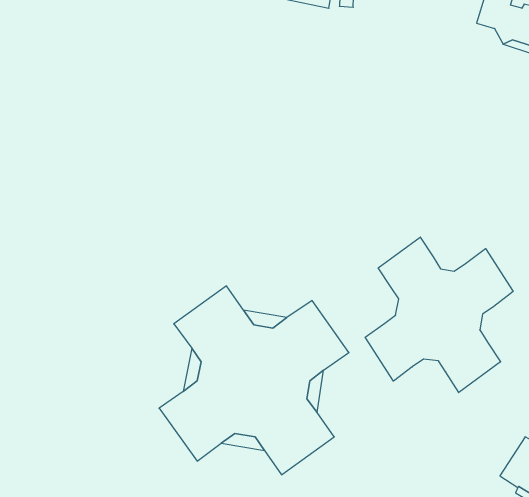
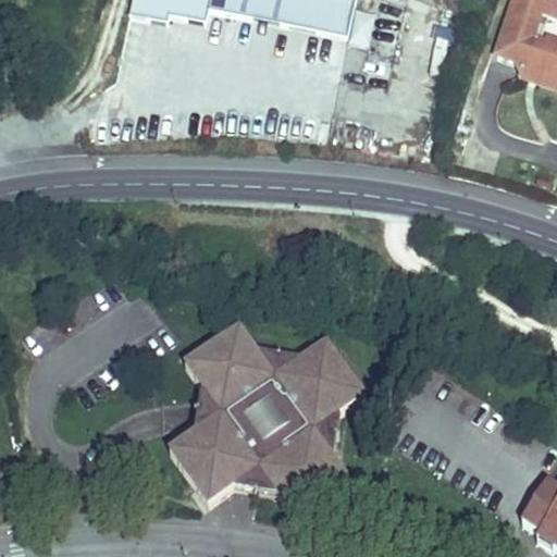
building: [365,237,513,393] -> none

